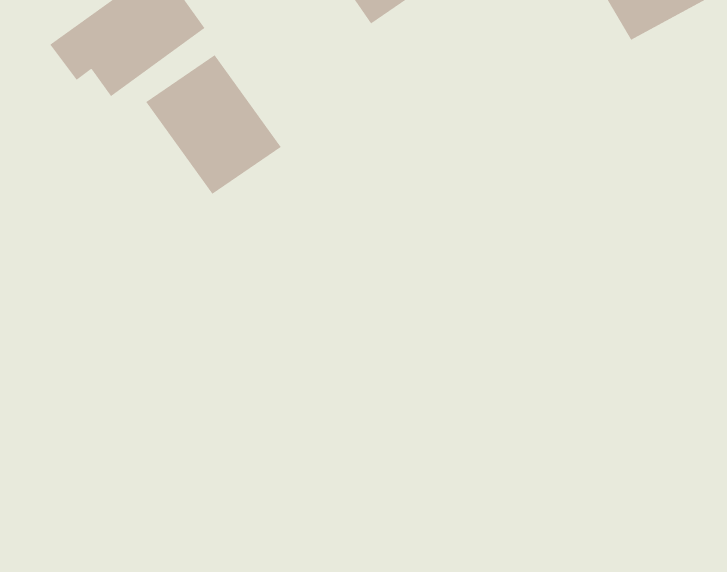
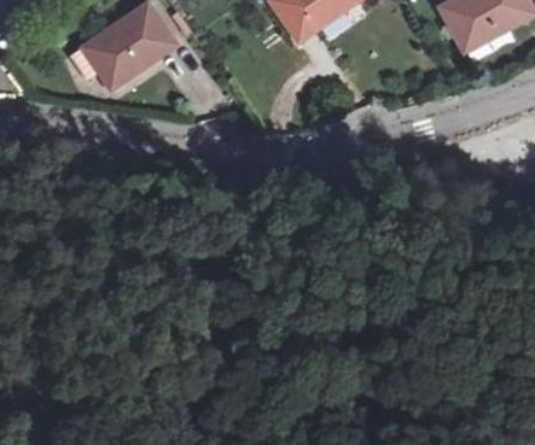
building: [145,54,282,195] -> none

